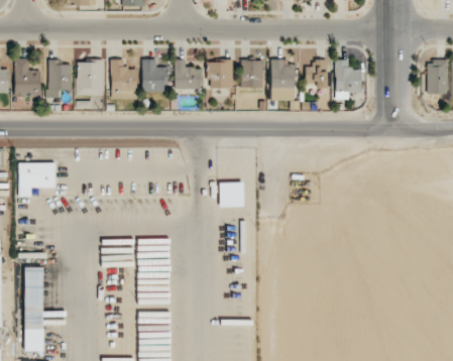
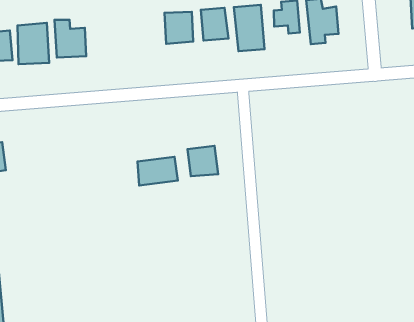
building: [141,58,167,92] -> none
building: [175,59,201,89] -> none
building: none -> [137,157,178,185]

